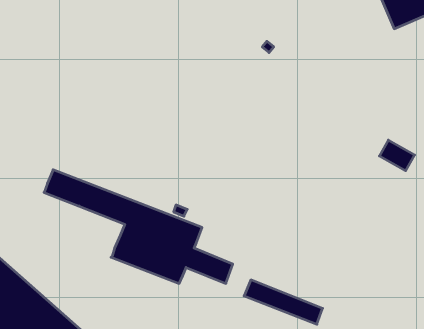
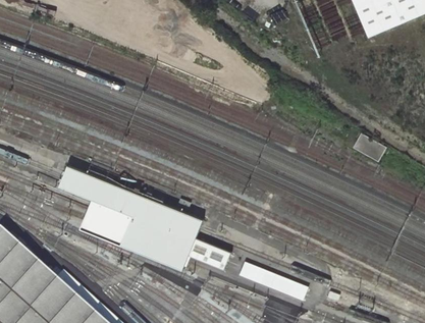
building: none -> [76,196,128,240]

